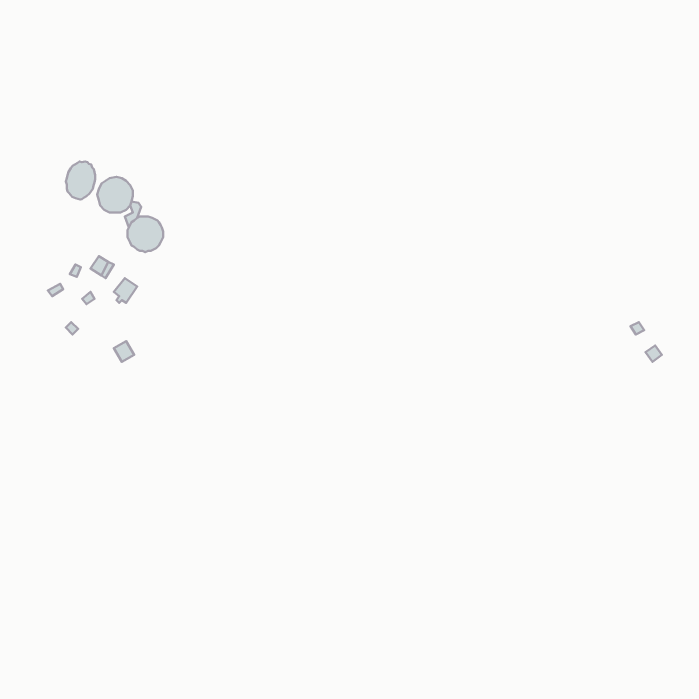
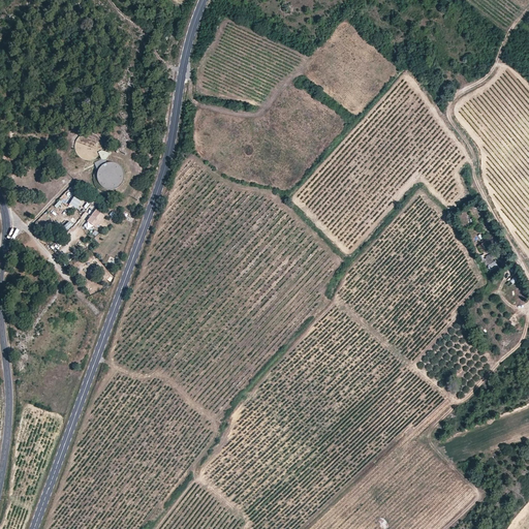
building: [66,162,95,199] -> none

